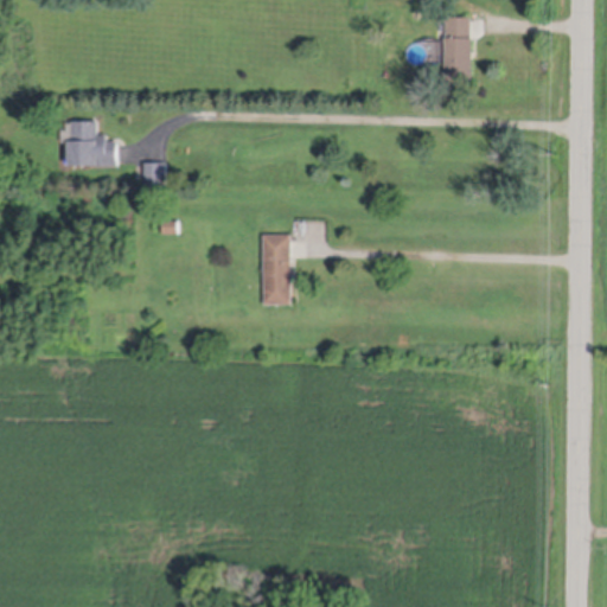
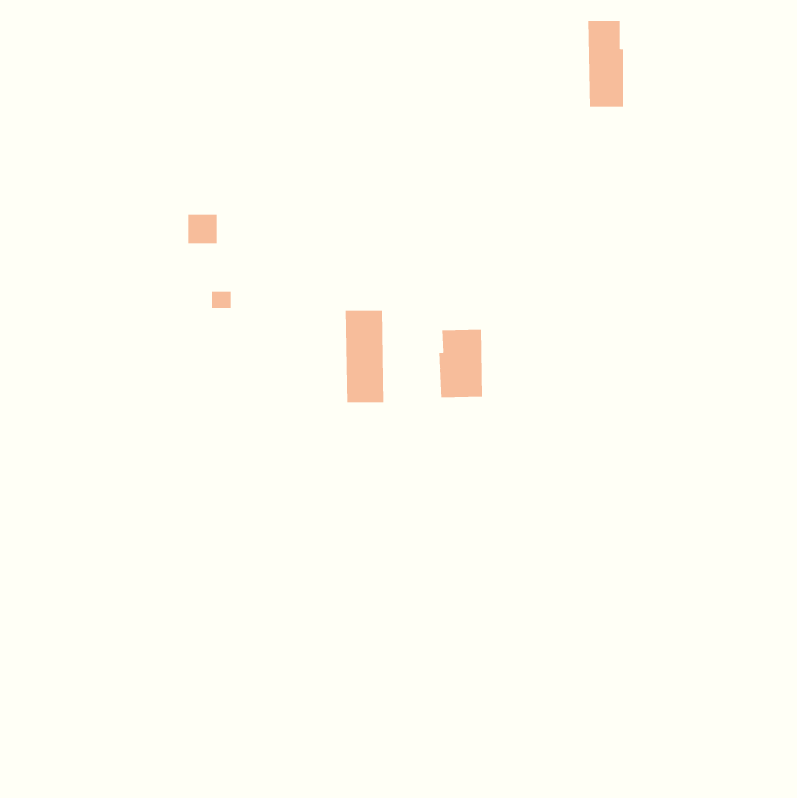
building: [66,120,115,166] -> none
building: none -> [439,329,483,398]

